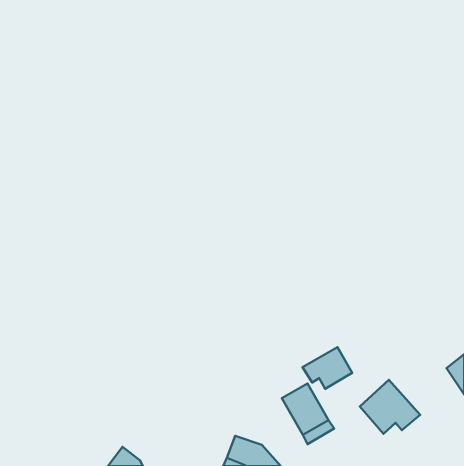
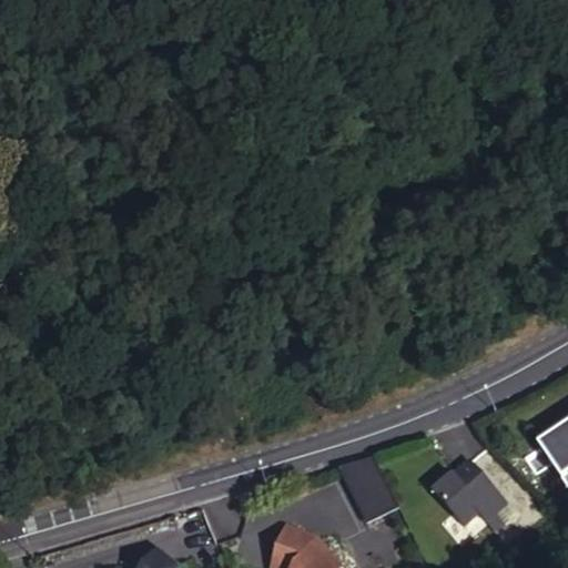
building: [303,347,352,389] -> none

